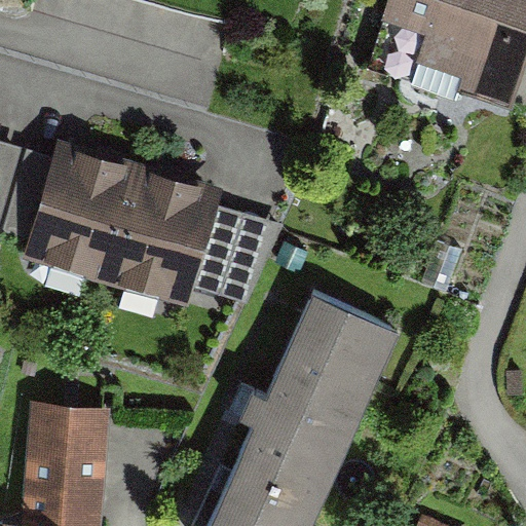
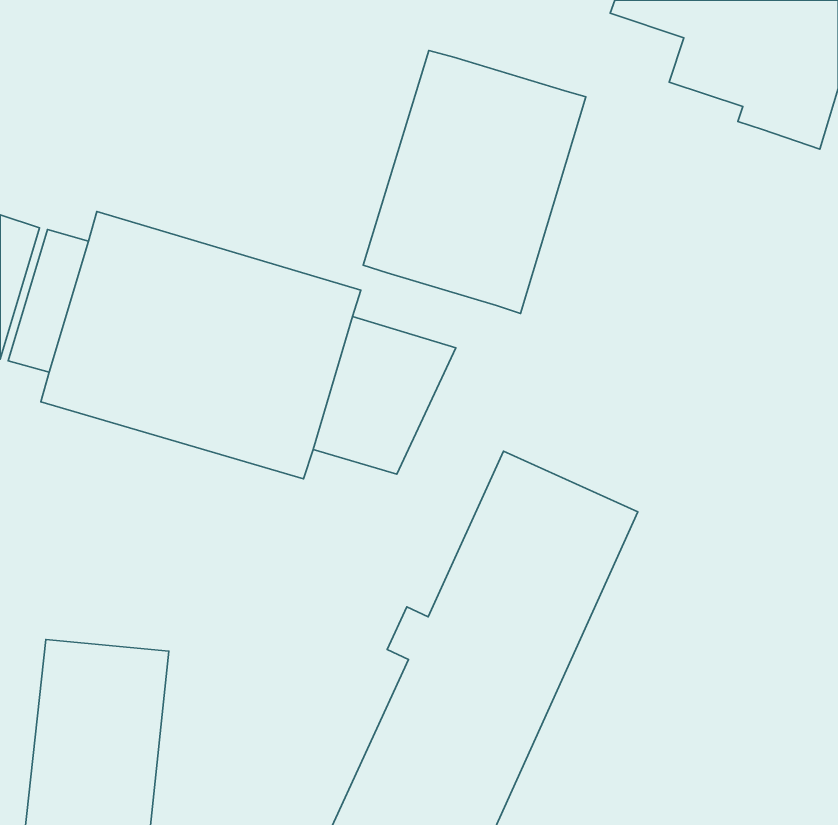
building: none -> [363,50,586,313]

